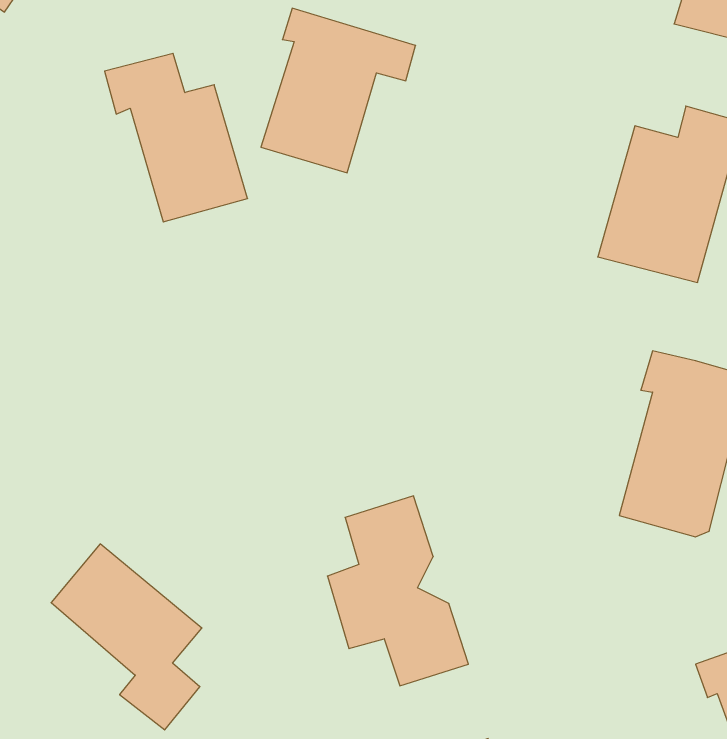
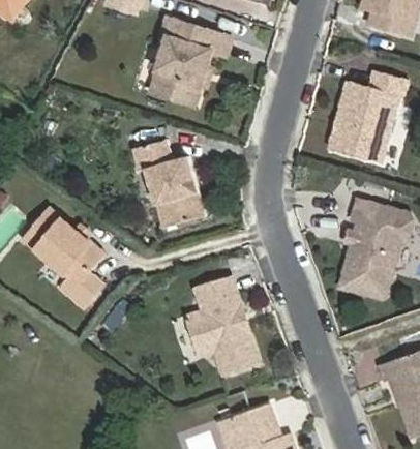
building: [105,53,248,222] -> [130,139,206,228]
building: [51,544,202,730] -> [23,208,102,306]

